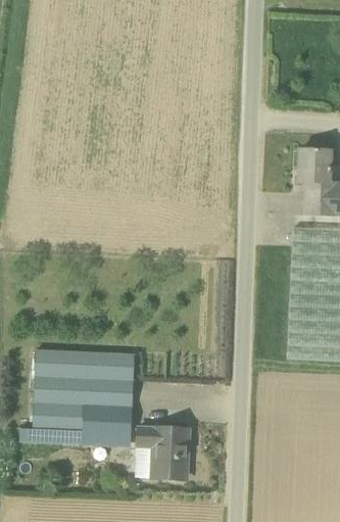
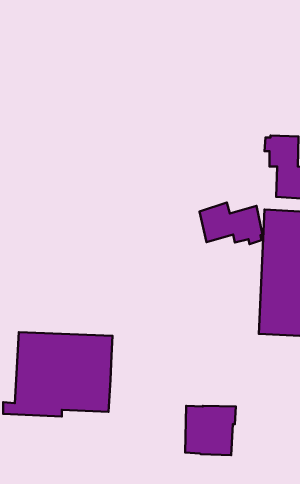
building: none -> [199,202,262,244]
building: [137,426,190,478] -> [185,406,236,455]

